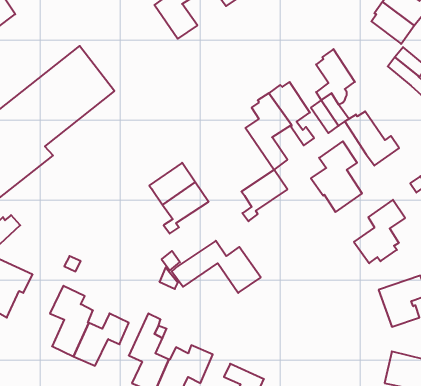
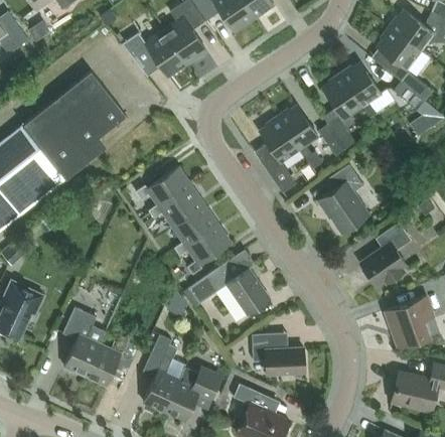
building: none -> [123,31,188,78]
building: [345,111,399,166] -> [341,64,395,118]
building: none -> [136,167,192,218]
building: [241,170,287,221] -> [186,225,232,275]
building: none -> [253,333,305,375]

